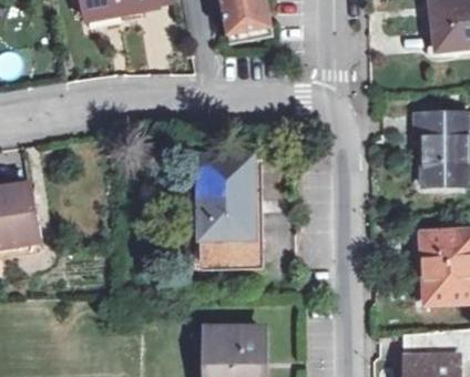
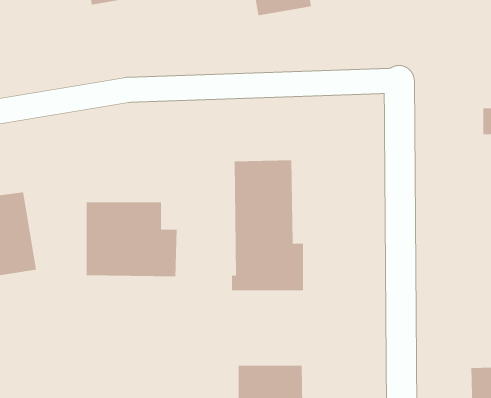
building: none -> [86,202,177,277]

